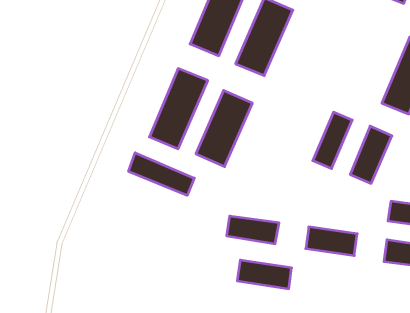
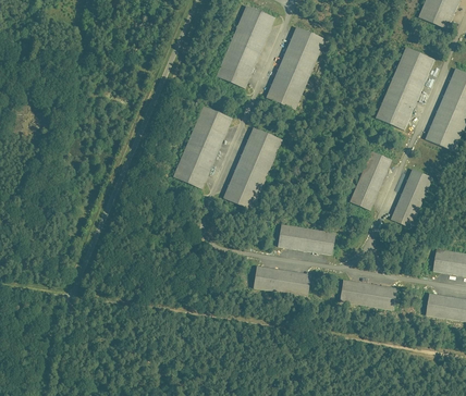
building: none -> [373,47,434,129]
building: [129,153,194,195] -> none
building: [237,260,292,289] -> [275,223,335,255]

